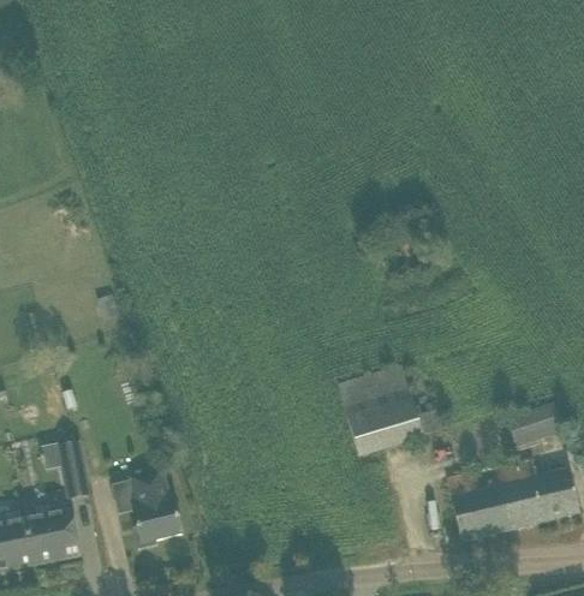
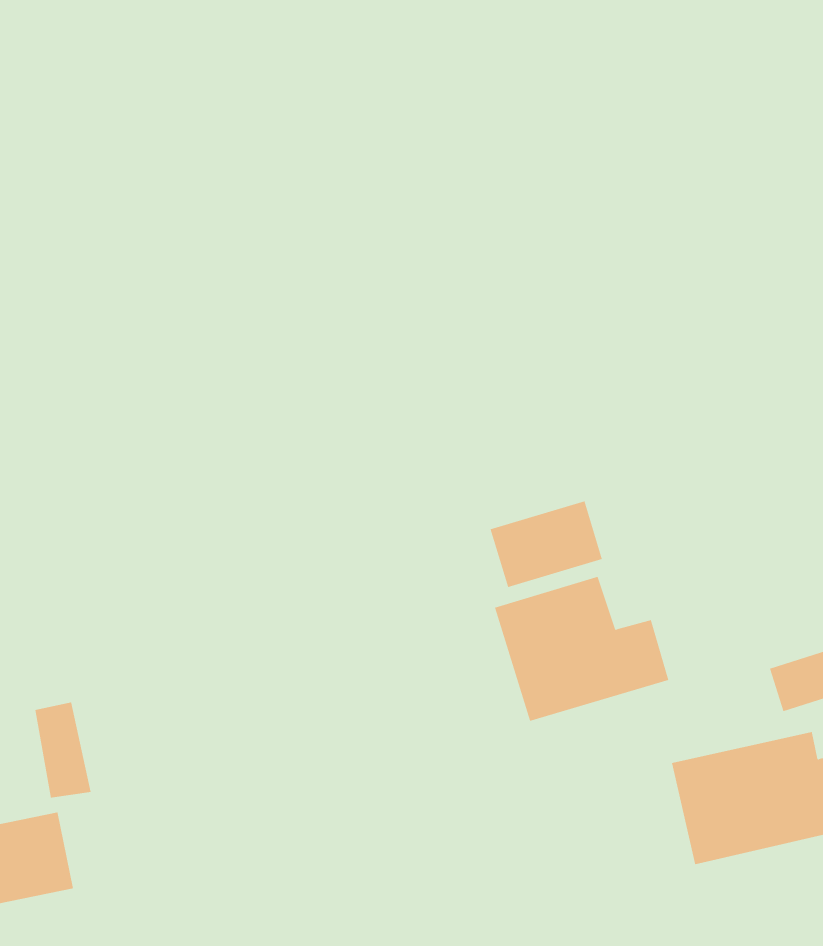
building: none -> [490,500,602,588]
building: [125,467,180,549] -> none

